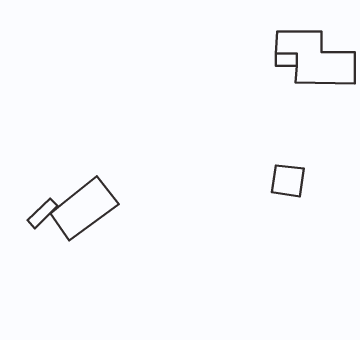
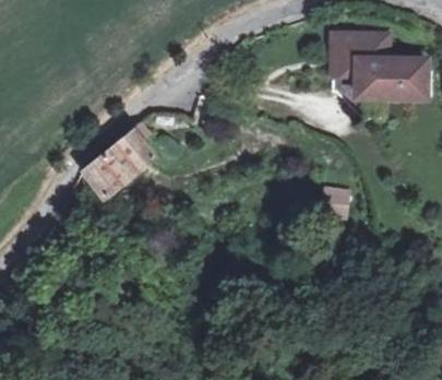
building: [50,176,119,240] -> [94,124,166,192]

